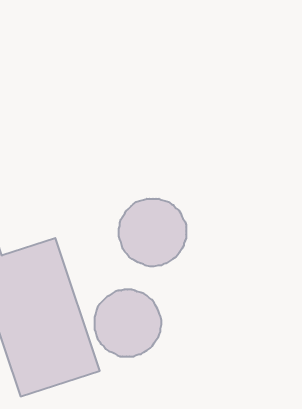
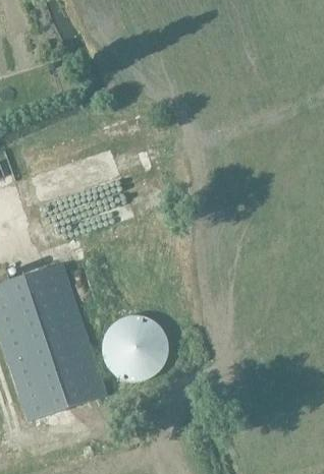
building: [119,199,186,266] -> none

